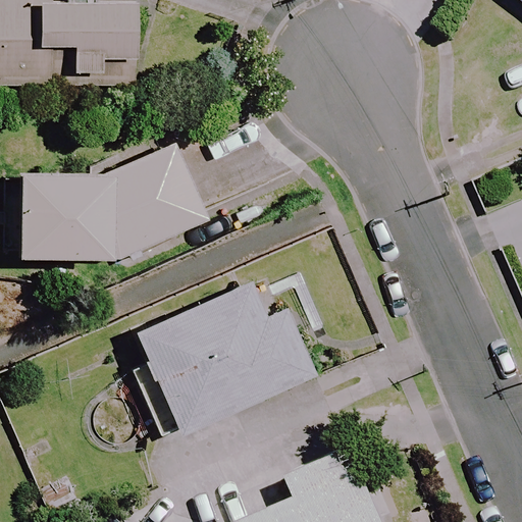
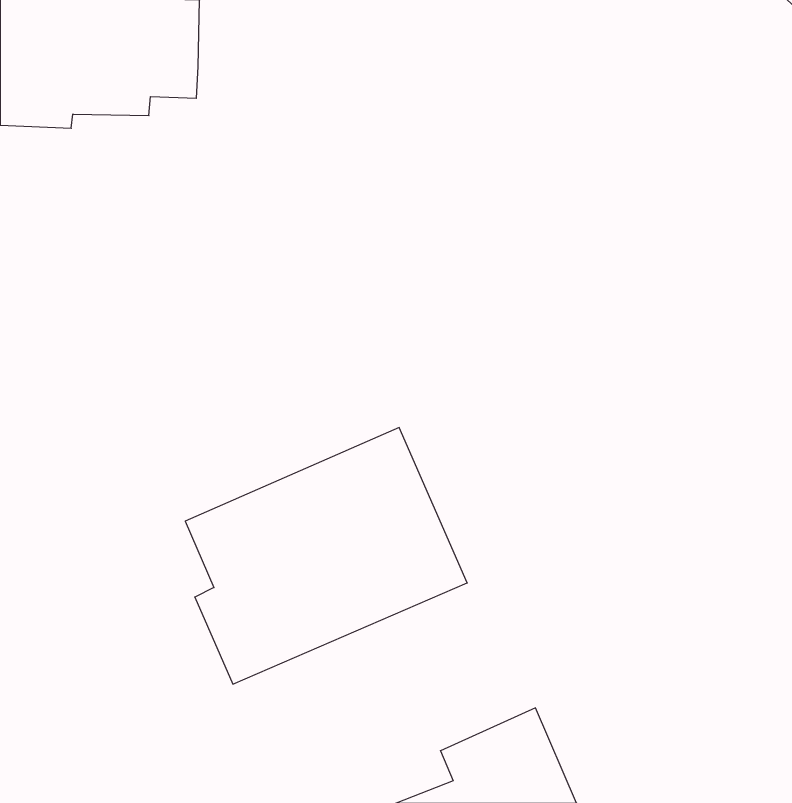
building: [24,147,209,252] -> none

